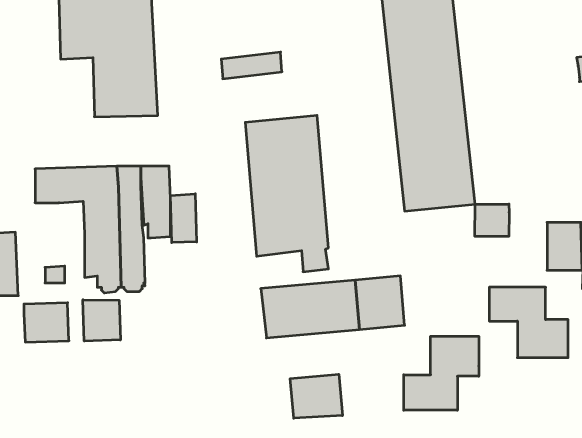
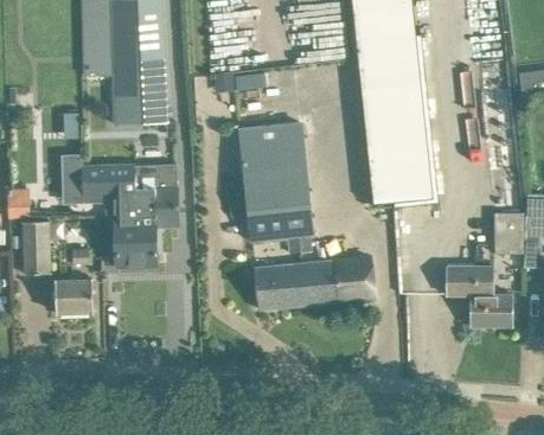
building: [170,194,197,243] -> none
building: [475,204,509,236] -> none
building: [83,300,120,341] -> none
building: [404,336,479,410] -> none
building: [290,374,342,418] -> none

